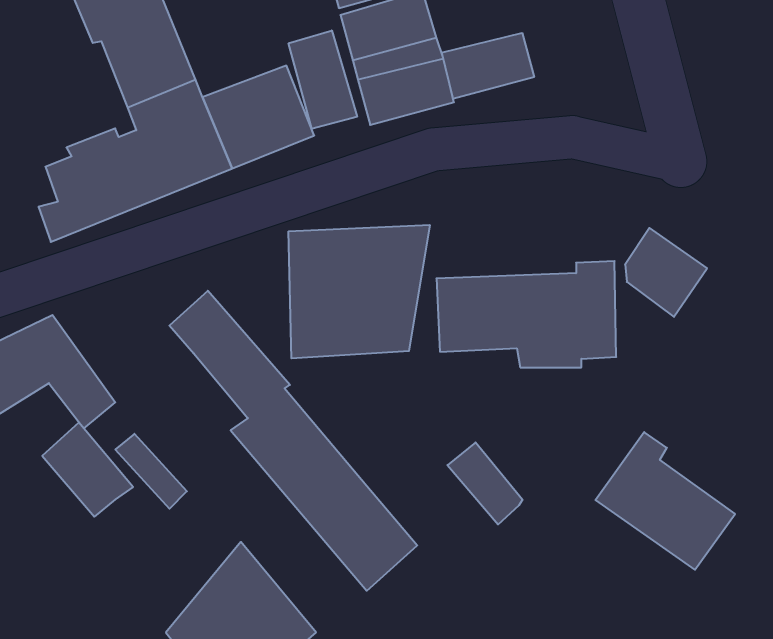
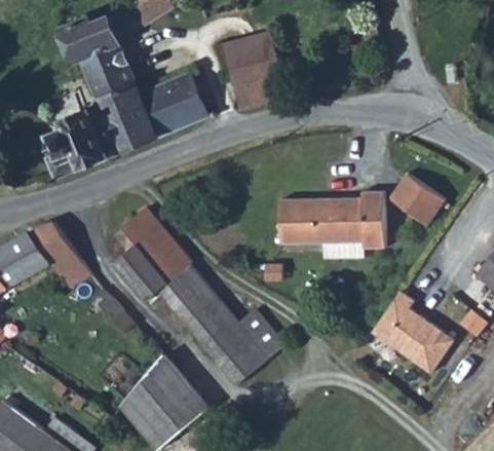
building: [289,30,357,129] -> none
building: [442,33,534,99] -> none
building: [289,225,430,358] -> none
building: [42,423,133,517] -> [114,243,167,299]
building: [447,442,523,524] -> [237,308,281,356]

